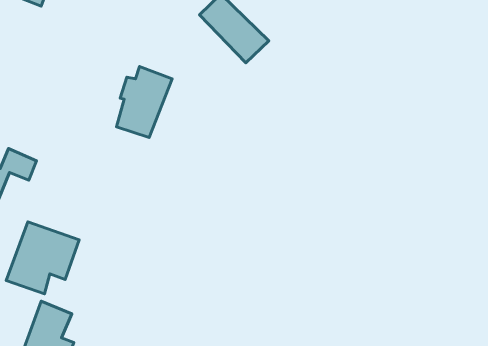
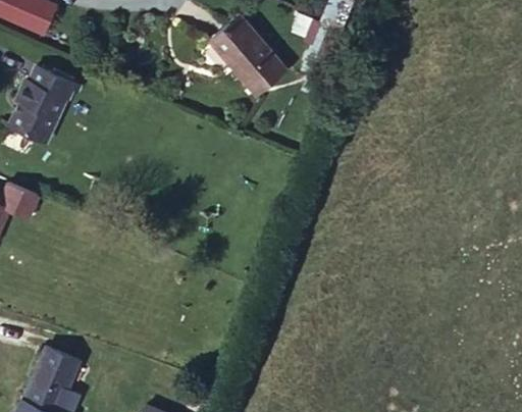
building: [116,66,172,138] -> [10,68,69,144]
building: [6,222,79,294] -> none

